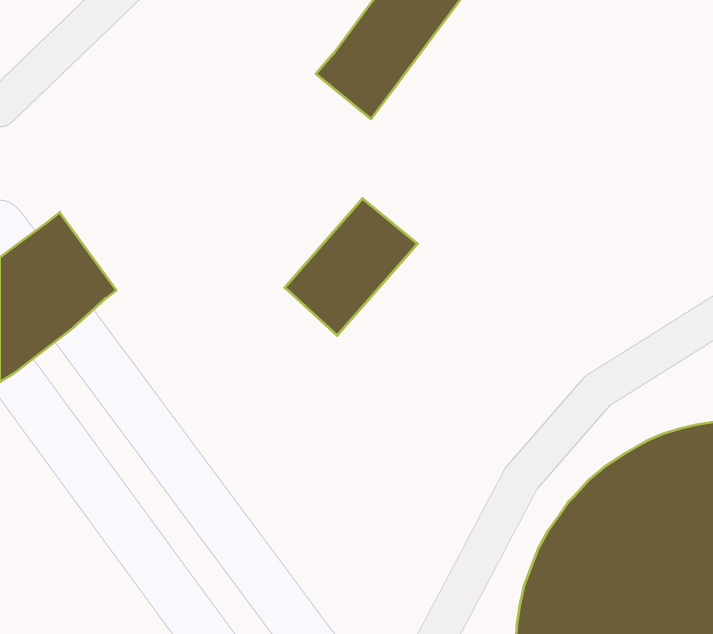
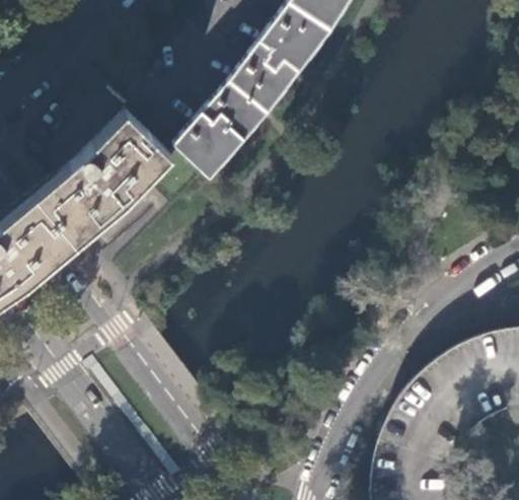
building: none -> [46,109,171,236]
building: [285,198,418,336] -> [173,81,269,180]

